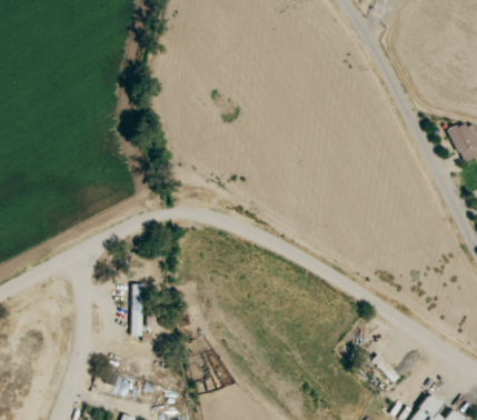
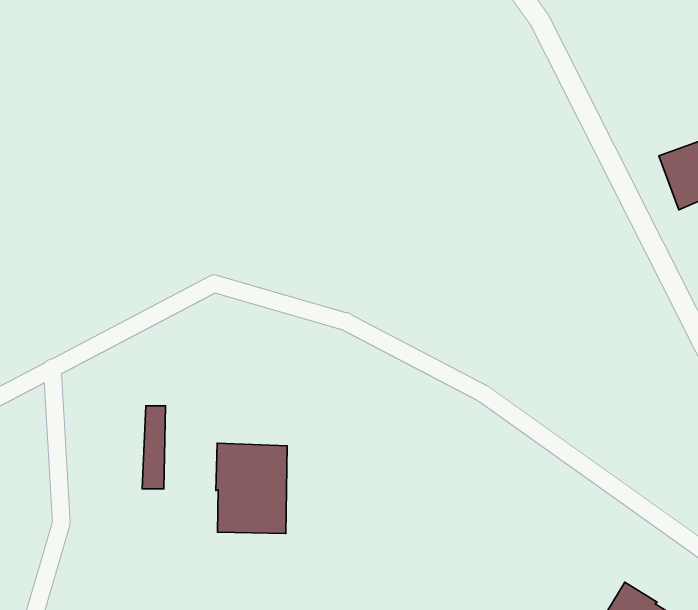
building: none -> [216,443,287,534]

